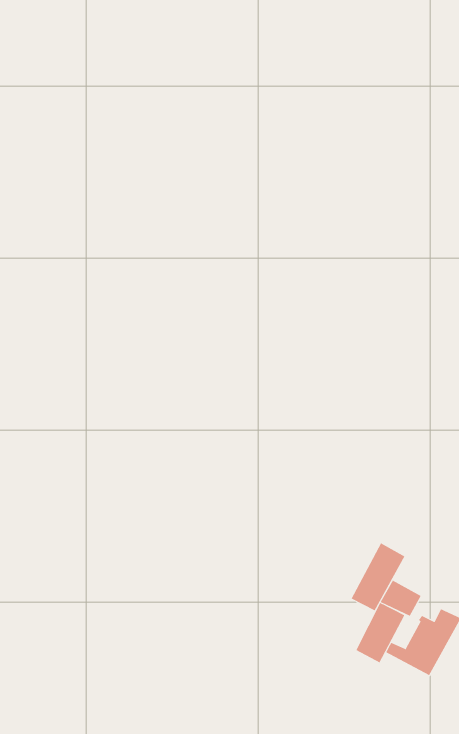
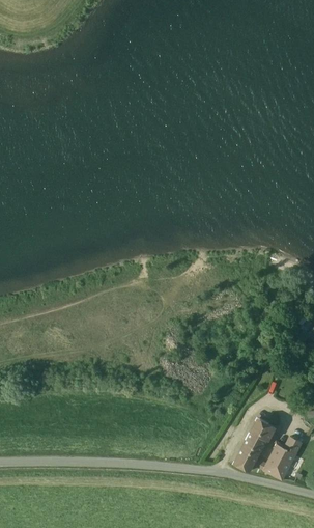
building: [351,543,405,611] -> none

